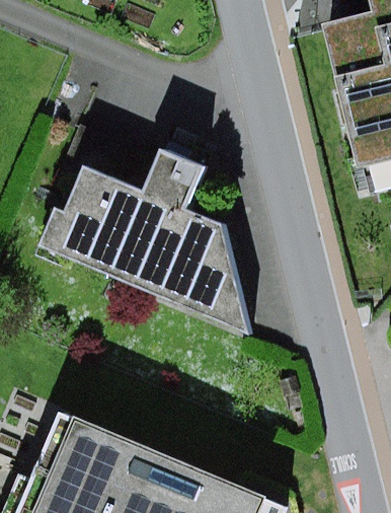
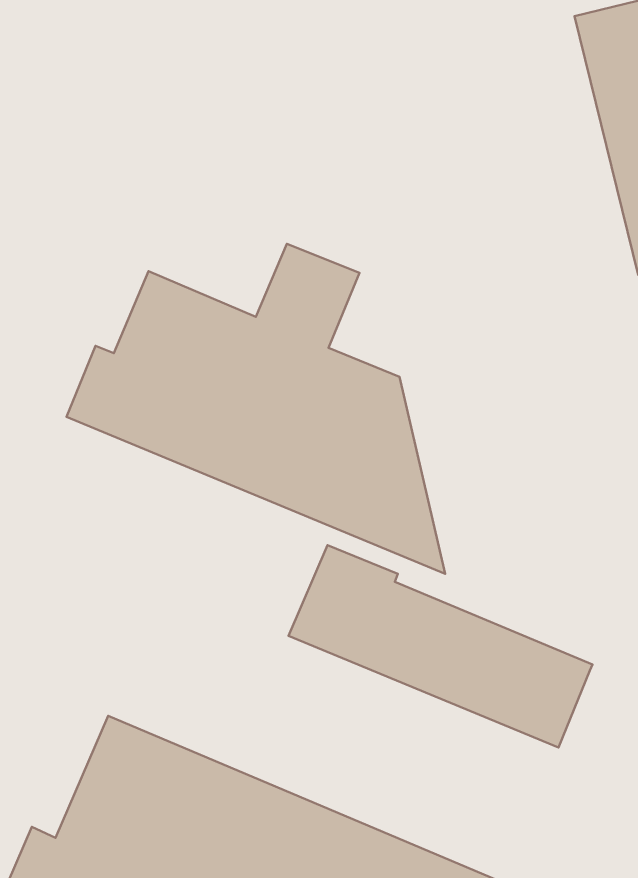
building: none -> [288,545,593,748]

